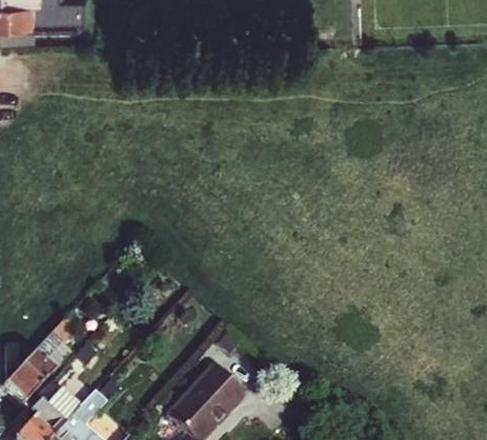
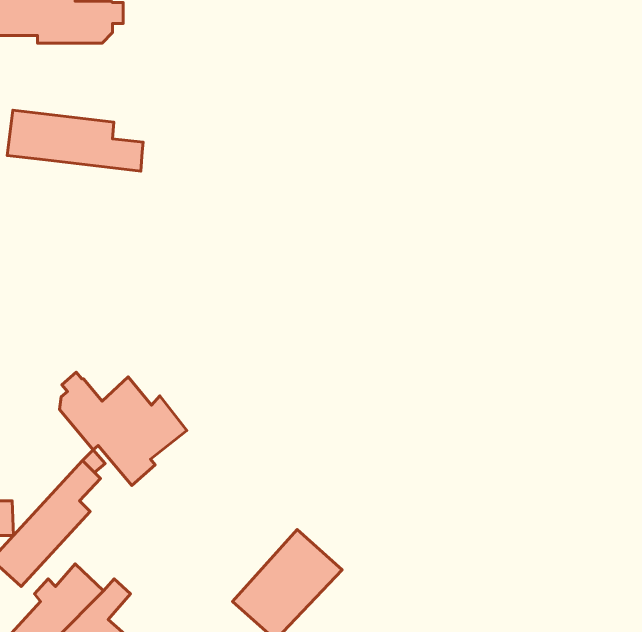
building: none -> [7,110,143,171]
building: none -> [60,372,187,486]

